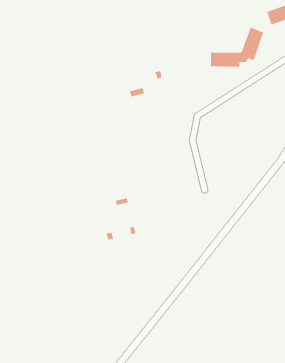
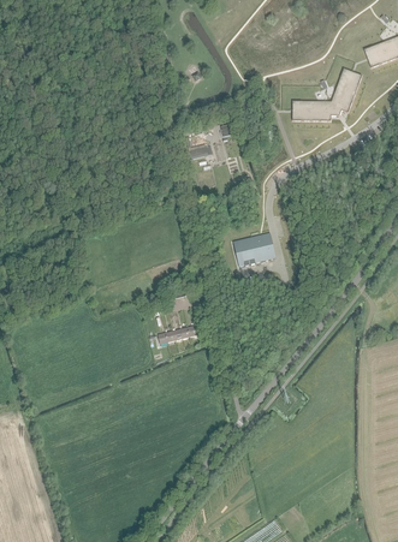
building: none -> [232,232,275,266]

